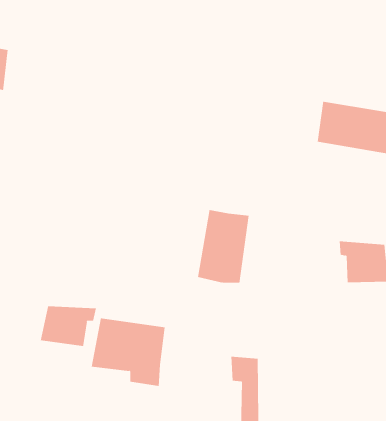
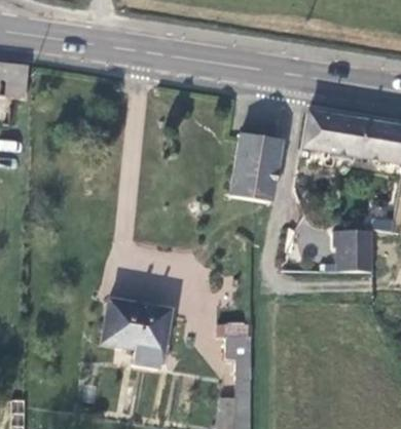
building: [197,210,250,283] -> [230,134,277,199]
building: [40,305,96,347] -> none

